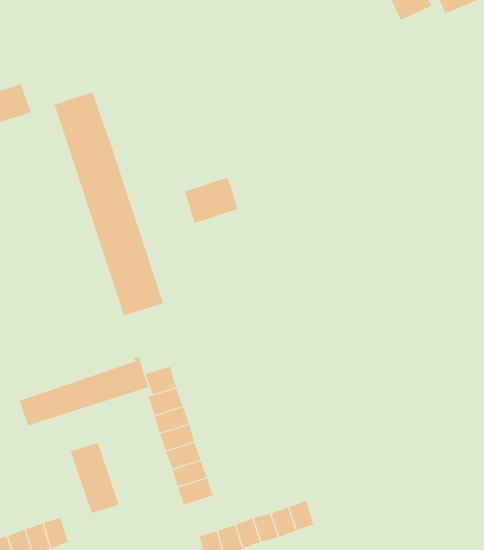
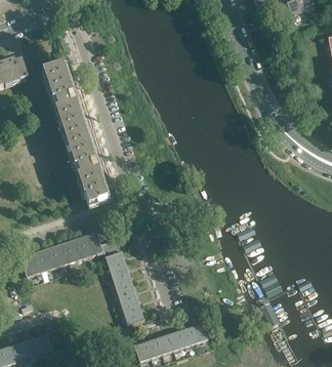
building: [184,177,238,224] -> none
building: [70,442,119,514] -> none

